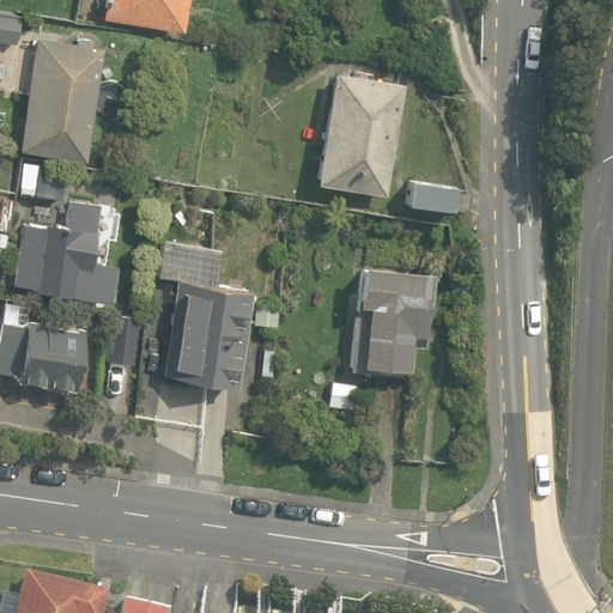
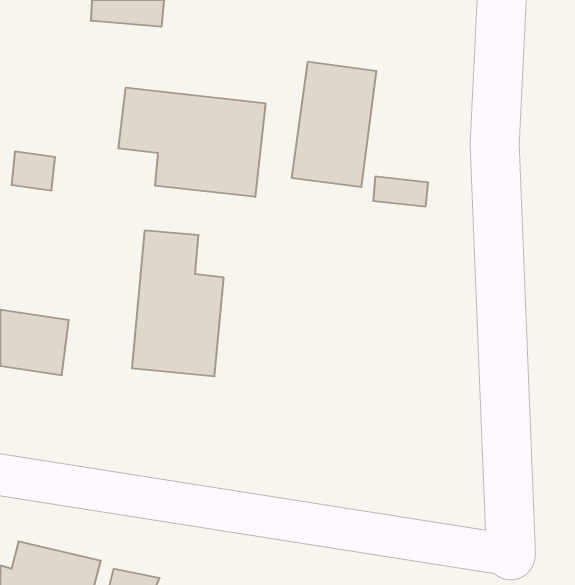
building: [25,37,99,162] -> none
building: none -> [119,88,265,197]
building: [19,198,117,305] -> none
building: [352,269,432,377] -> none

